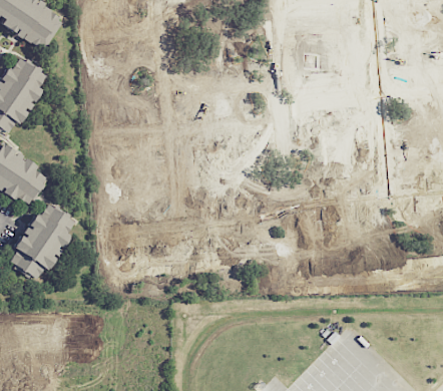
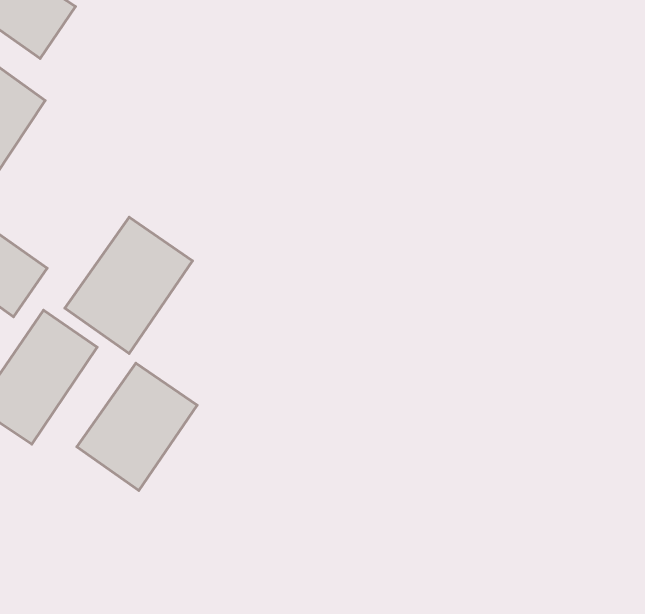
building: none -> [65,217,193,353]
building: none -> [77,363,197,491]

